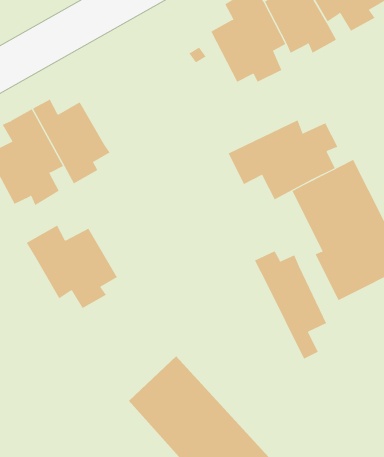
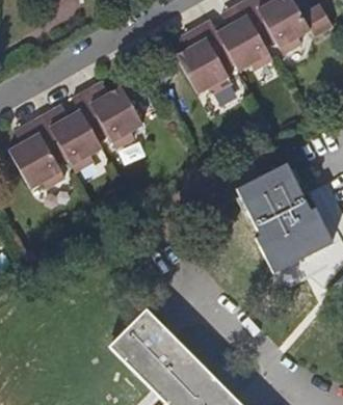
building: [228,119,338,200] -> none
building: [26,225,118,309] -> [72,88,141,152]
building: [254,250,327,360] -> none

